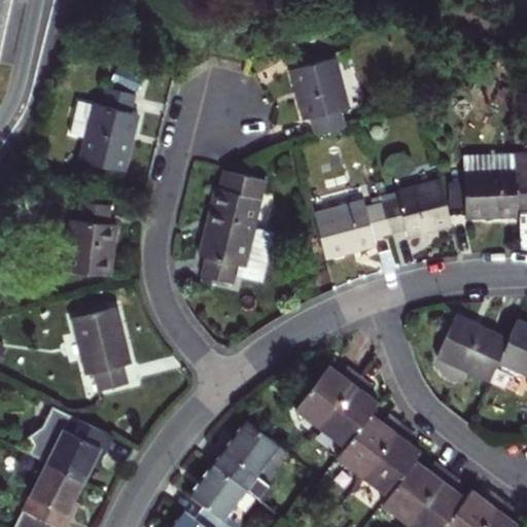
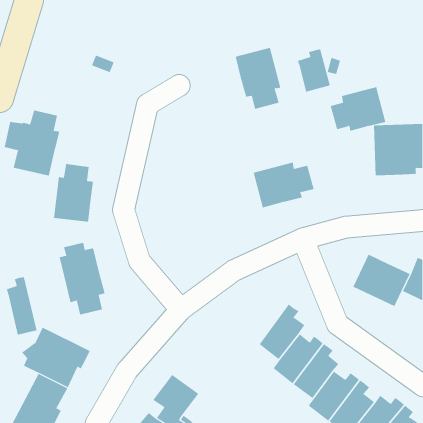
building: none -> [297,49,330,92]
building: [69,89,139,171] -> [4,110,60,176]
building: [200,173,273,285] -> none
building: [382,182,452,238] -> [330,87,386,131]
building: none -> [6,276,37,335]
building: [295,366,358,428] -> none
building: [213,421,280,499] -> none

